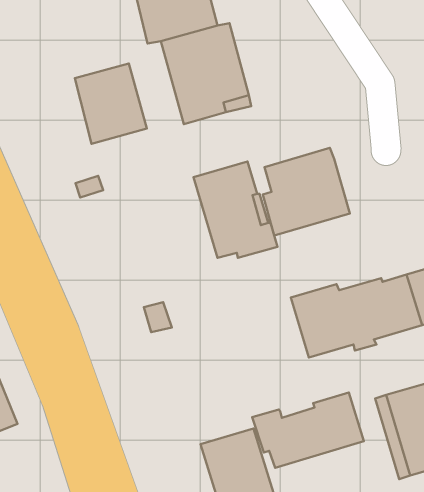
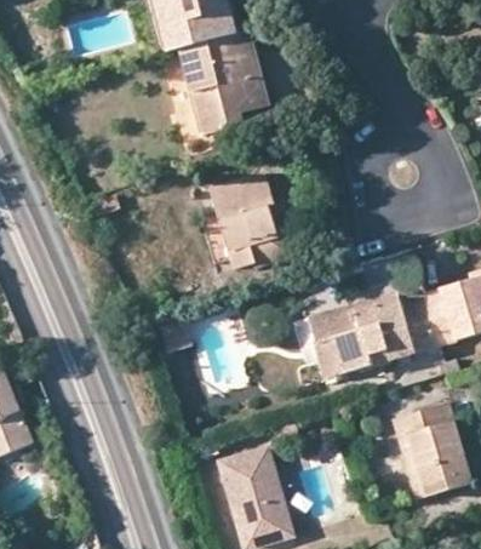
building: [75,64,147,144] -> none
building: [263,148,350,236] -> none
building: [252,393,364,468] -> none

